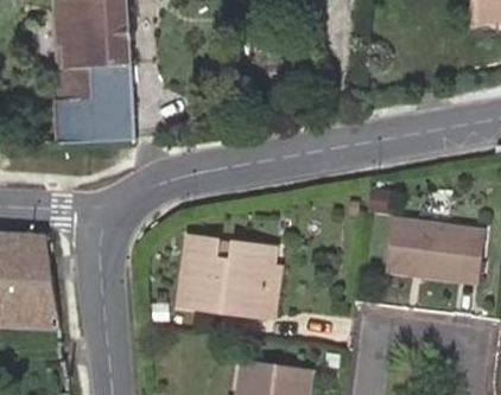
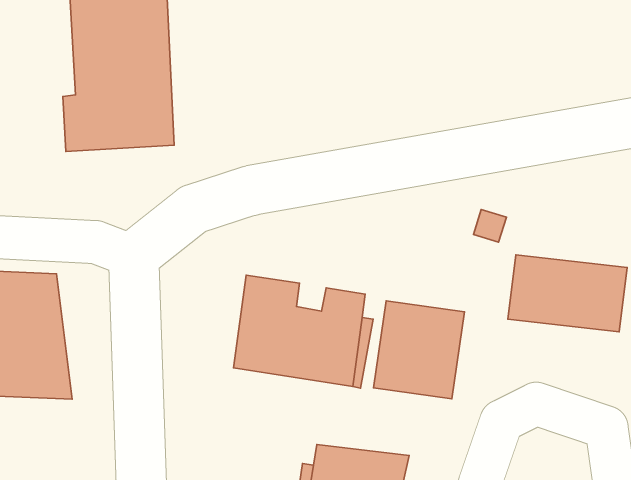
building: none -> [373,301,465,399]

